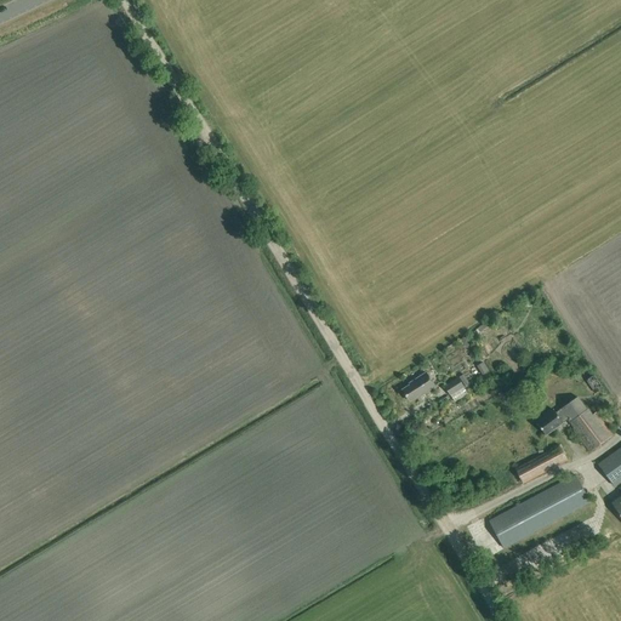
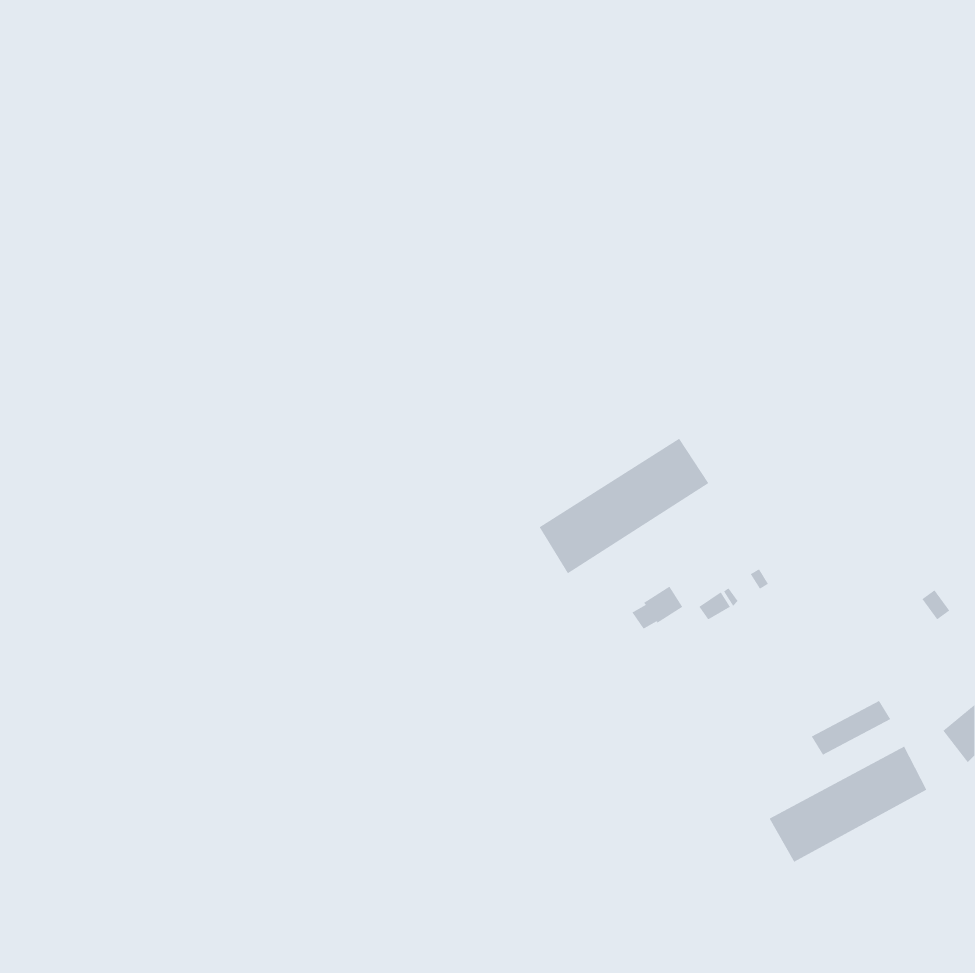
building: none -> [539,438,709,574]
building: [536,394,614,452] -> none

